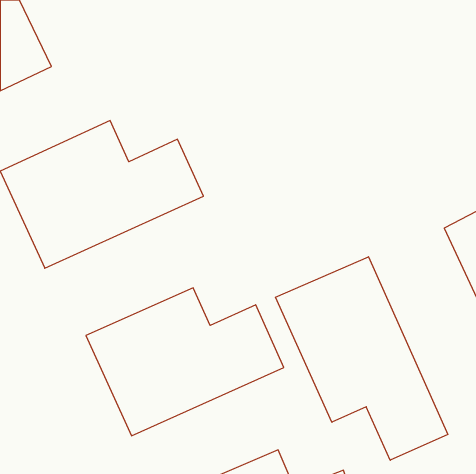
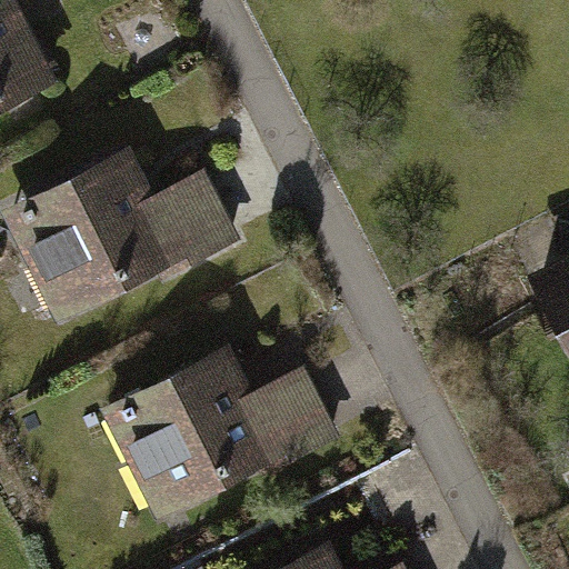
building: [276,257,448,460] -> none

